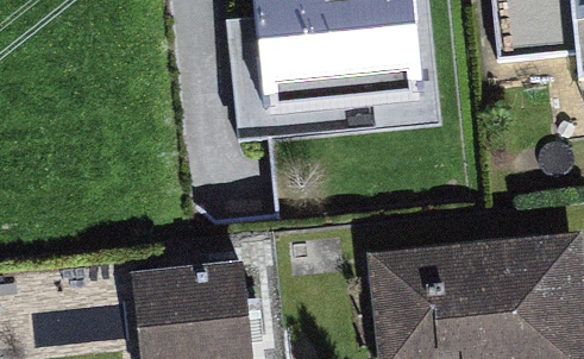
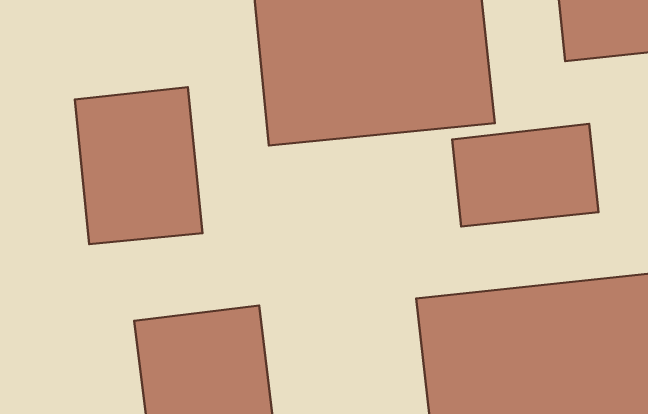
building: none -> [75,87,202,244]
building: none -> [452,124,599,226]

